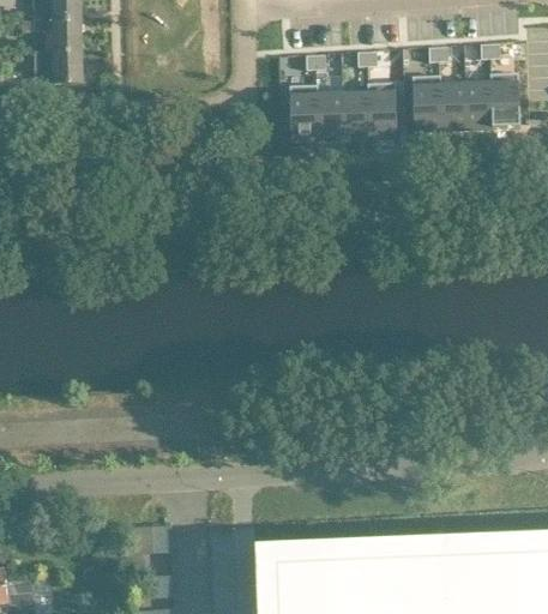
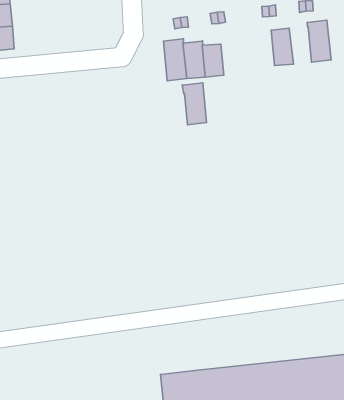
building: [412,73,441,130] -> none
building: [465,78,493,128] -> none
building: [367,80,397,137] -> [182,83,207,125]

